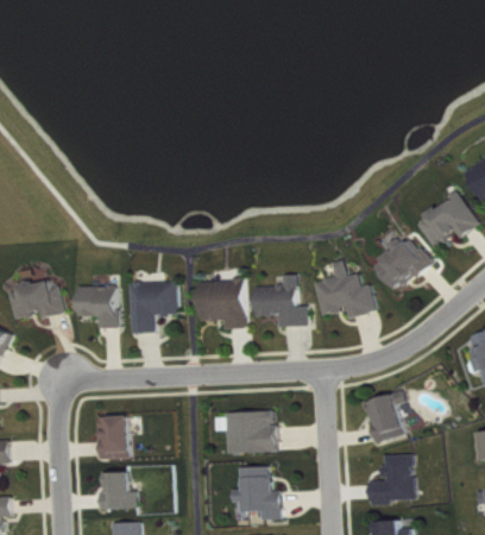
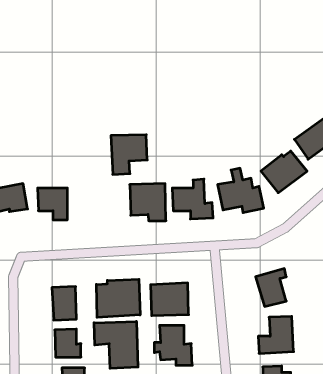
building: [130,281,177,333] -> [111,135,147,174]
building: none -> [96,279,140,317]
building: none -> [94,321,138,368]

